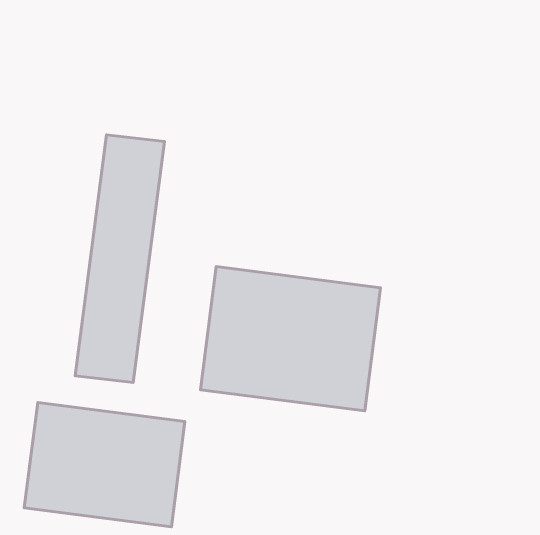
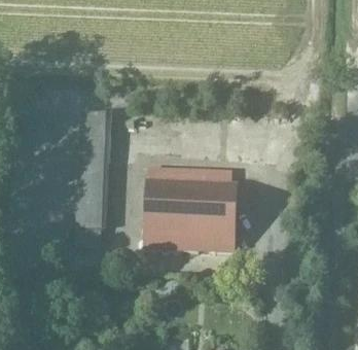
building: [24,402,185,527] -> none

